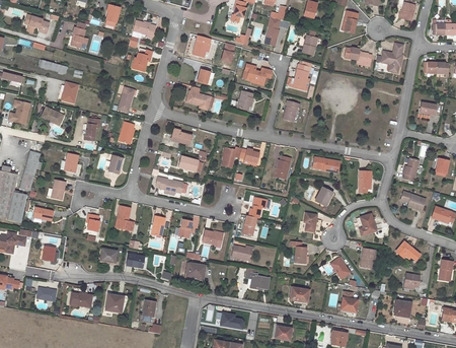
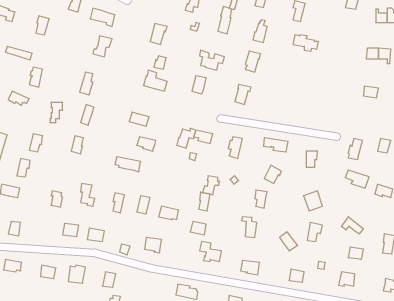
building: [381,42,403,72] -> none

